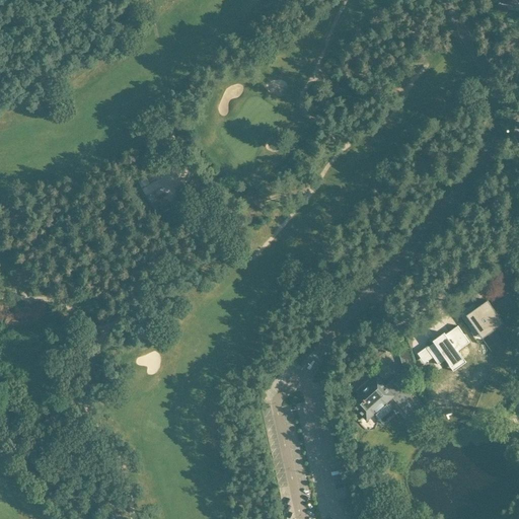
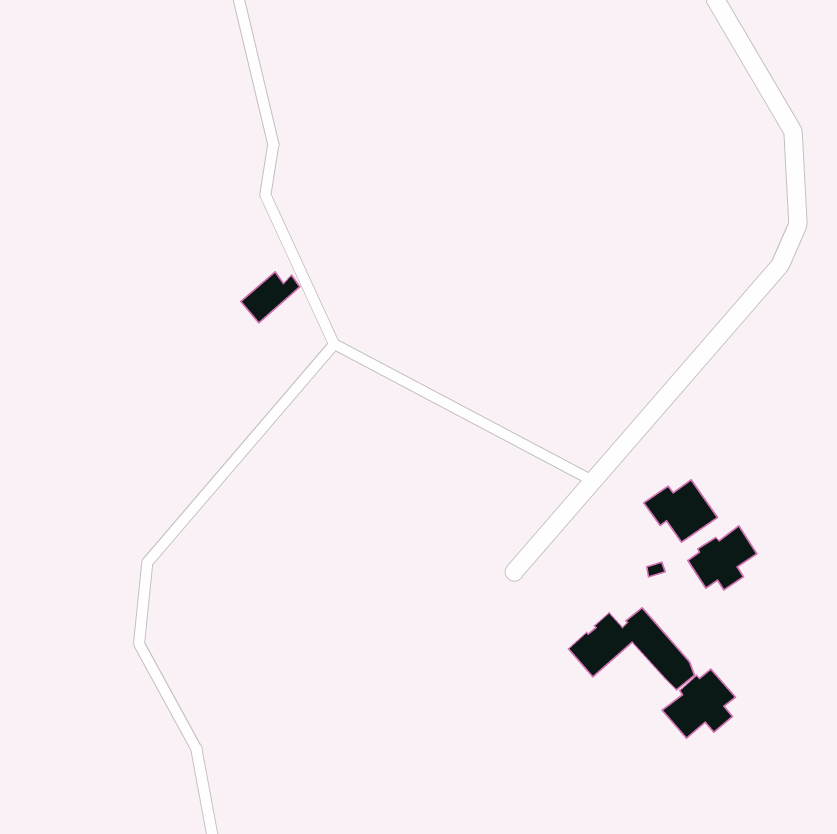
building: [458,302,504,341] -> [644,480,717,542]
building: none -> [662,669,735,738]

